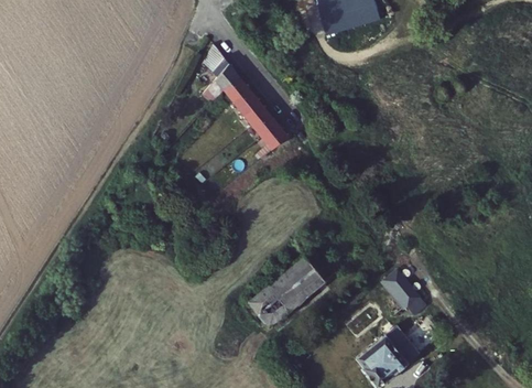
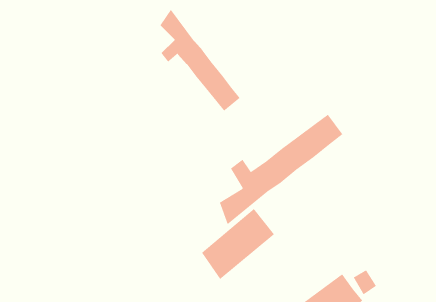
building: none -> [219,114,343,225]
building: [383,270,419,309] -> none

